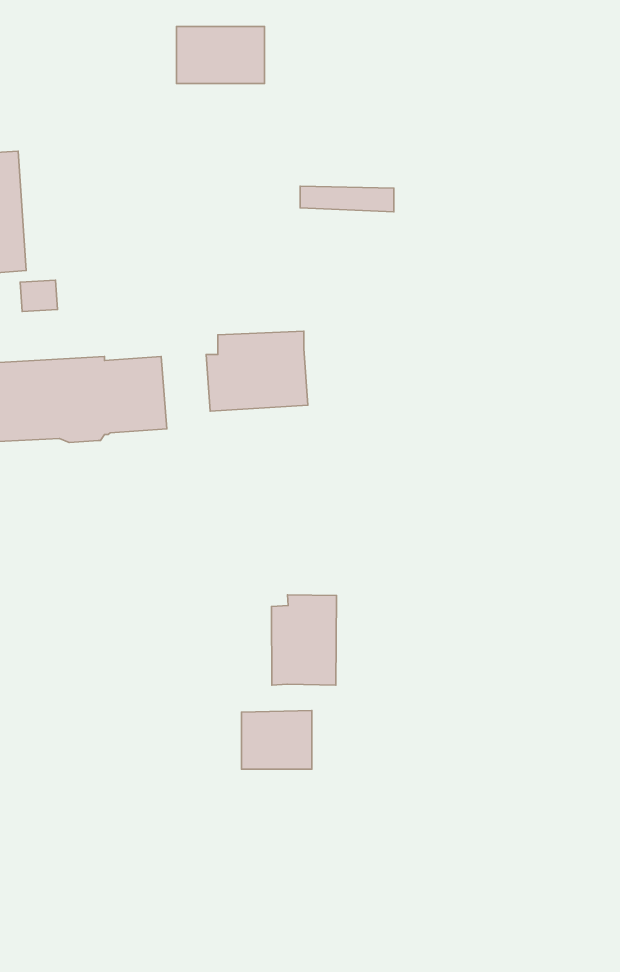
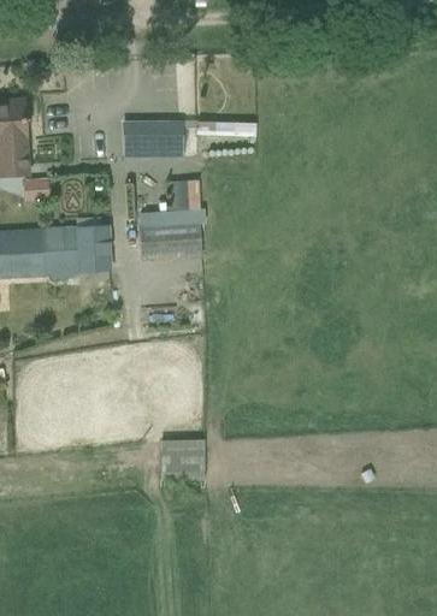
building: [176,27,265,83] -> [124,123,178,158]
building: none -> [170,179,200,209]
building: [271,595,336,685] -> none

